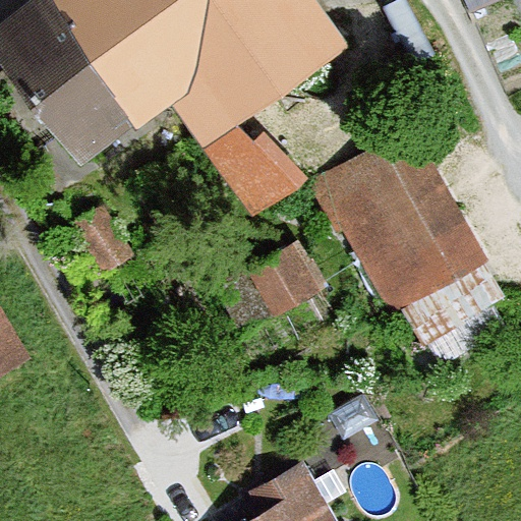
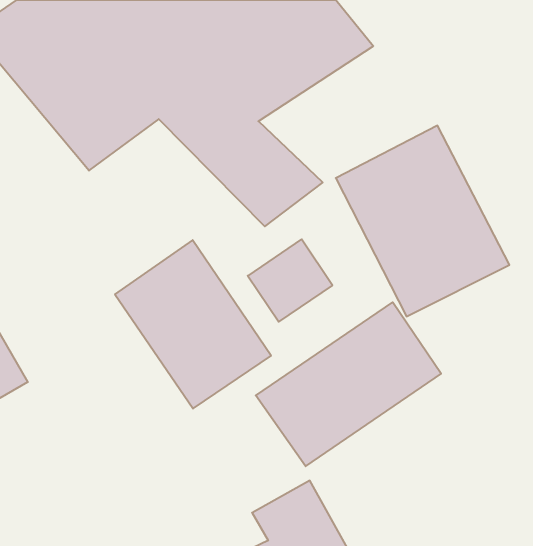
building: none -> [115,240,271,409]
building: none -> [256,302,441,466]

